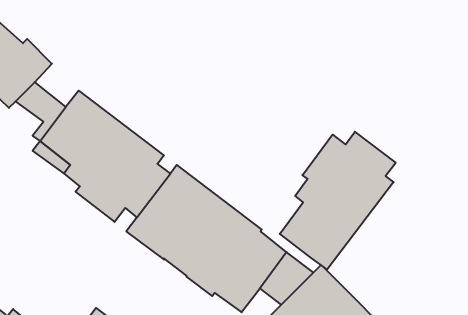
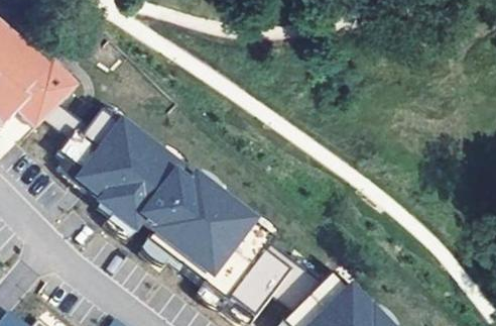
building: [280,132,396,269] -> none

